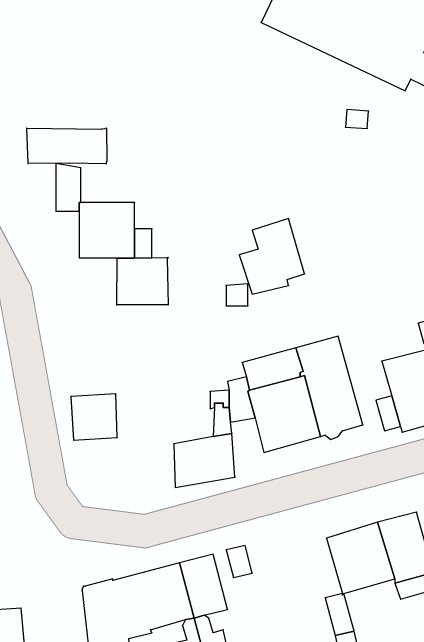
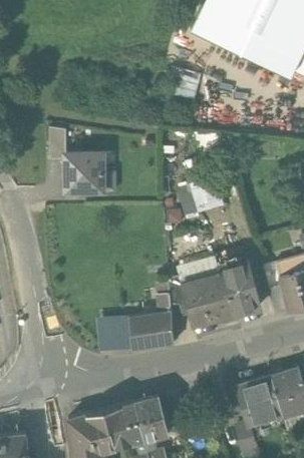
building: [27,128,107,164] -> none
building: [117,257,168,305] -> none
building: [71,394,117,440] -> [99,320,131,352]

